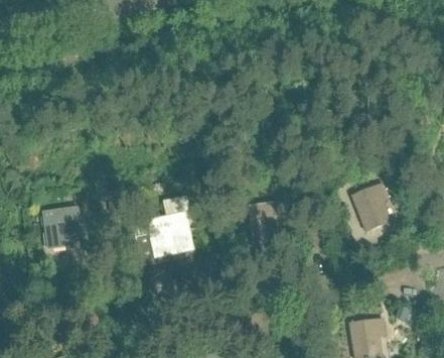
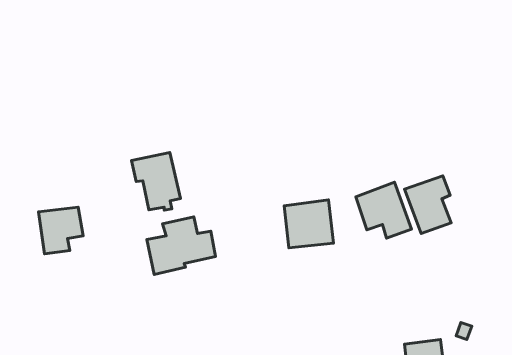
building: none -> [132,152,180,210]
building: none -> [356,182,411,238]

